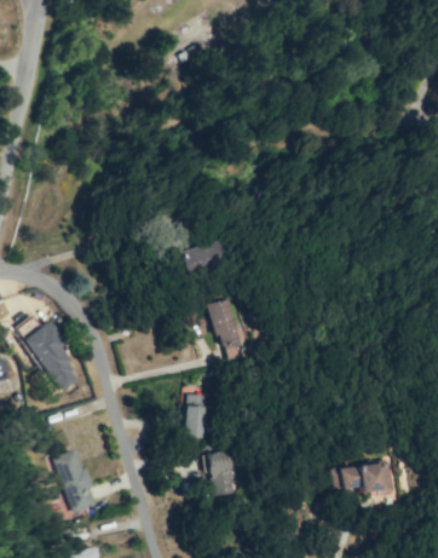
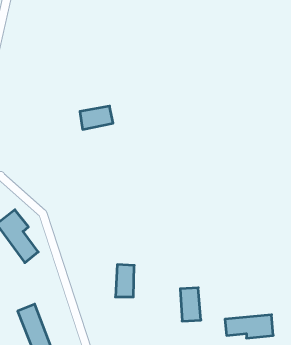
building: [185,243,230,275] -> [80,106,113,129]
building: [211,299,247,361] -> none
building: [208,451,236,496] -> [180,288,201,321]

